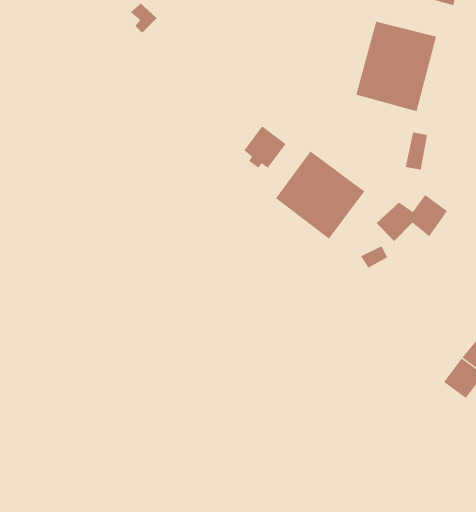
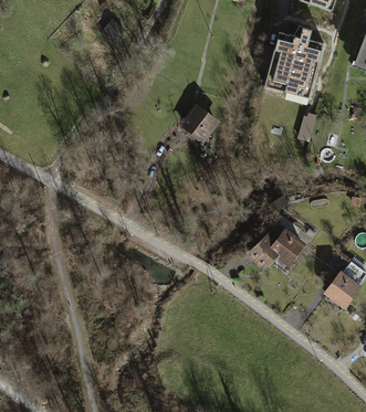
building: [275,150,365,240] -> none
building: [376,194,448,242] -> [250,231,302,265]

